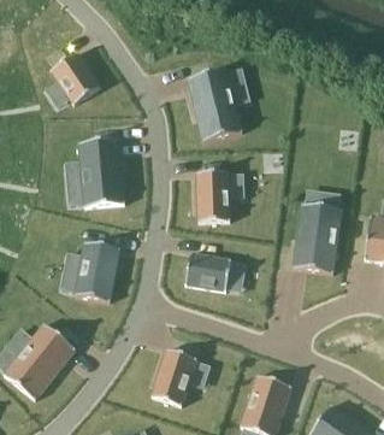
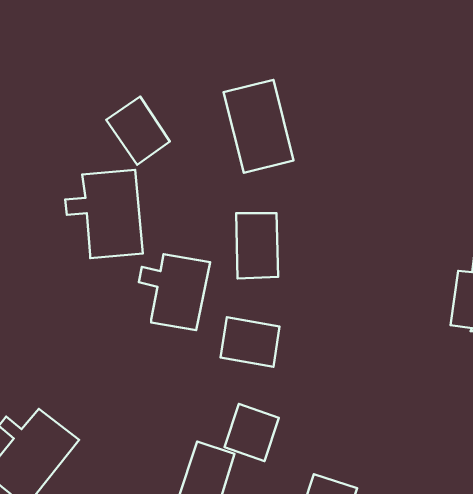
building: [51,51,100,104] -> [106,97,170,165]
building: [294,202,342,272] -> none
building: [65,241,120,300] -> [139,254,210,330]
building: none -> [224,404,279,461]

